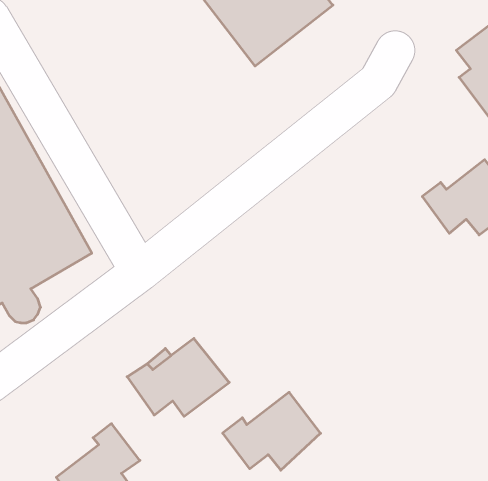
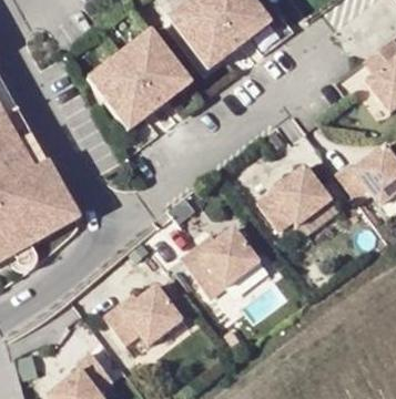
building: none -> [88,31,190,131]
building: none -> [257,164,333,228]
building: [223,392,321,470] -> [183,225,260,286]

